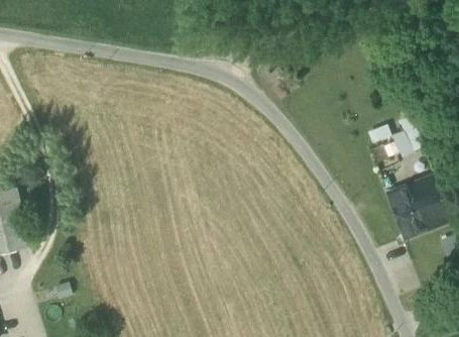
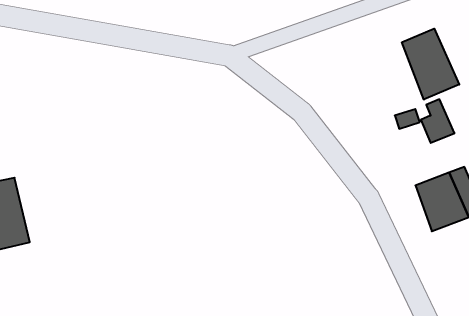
building: none -> [402,29,459,100]

